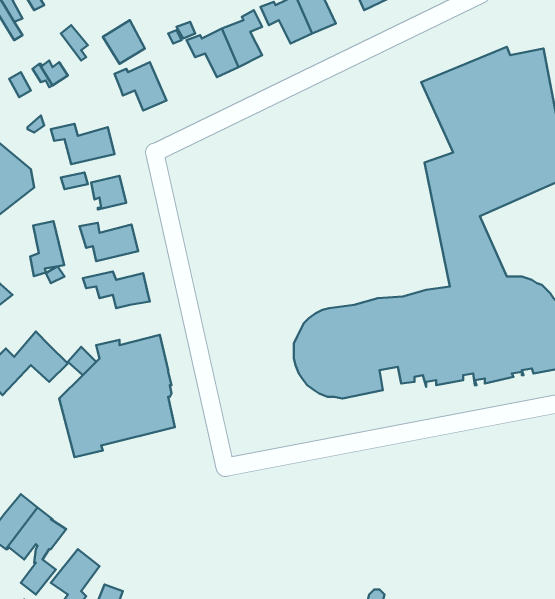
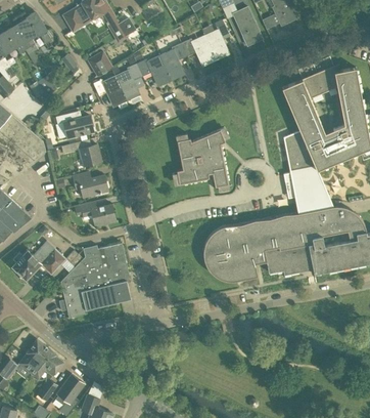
building: none -> [115,65,139,99]
building: none -> [177,129,229,187]
building: [30,221,64,276] -> none

